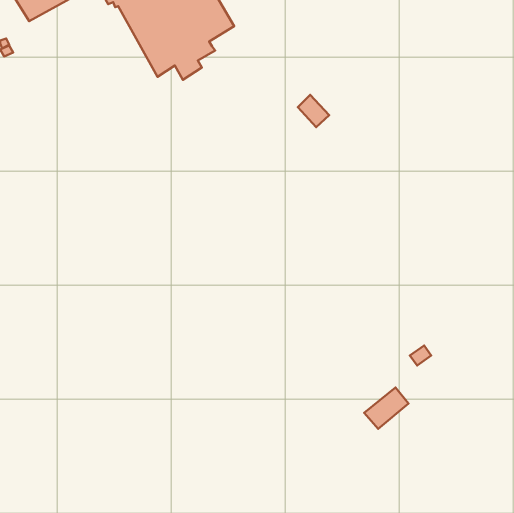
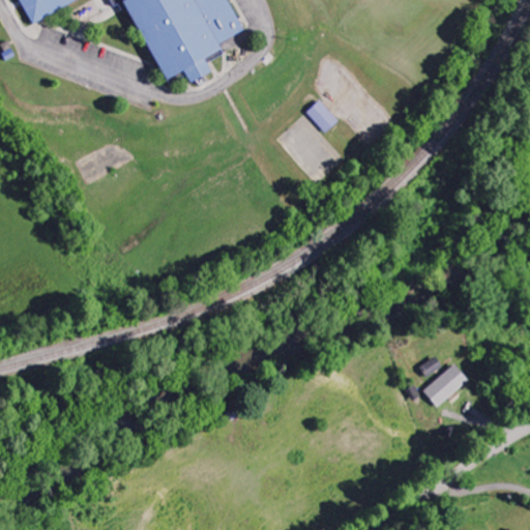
building: [364,388,408,429] -> [424,362,470,405]

